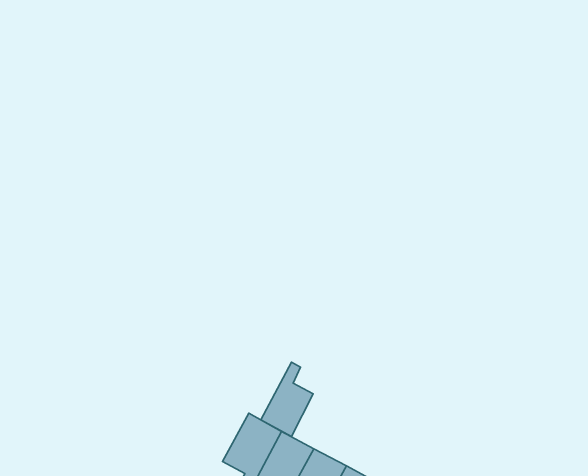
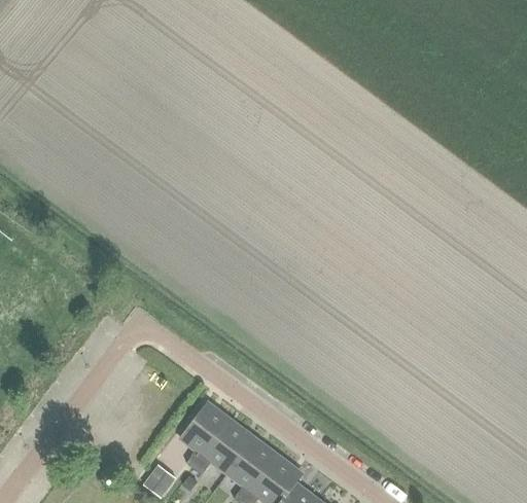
building: [261,362,313,436] -> none

